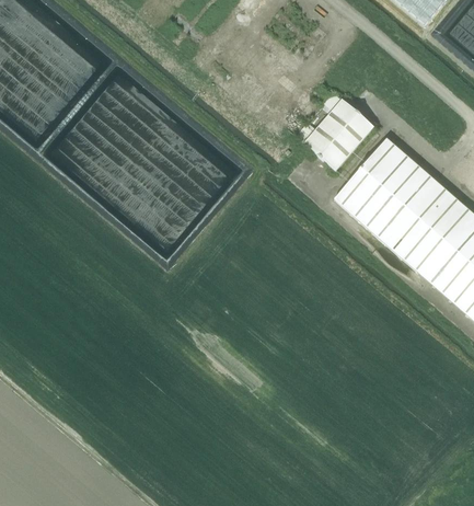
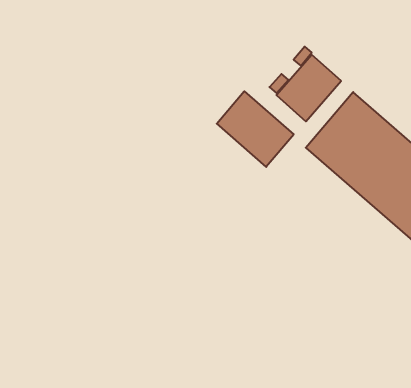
building: none -> [217,91,294,167]

